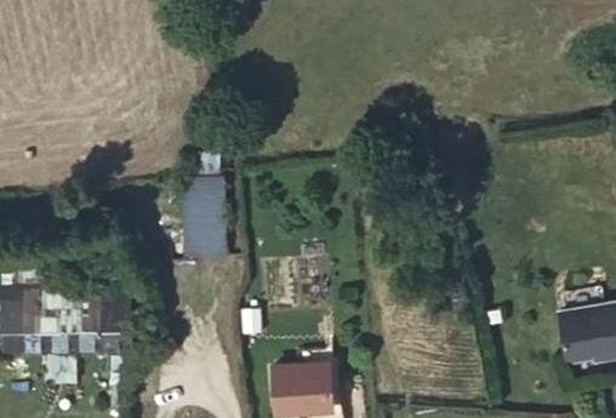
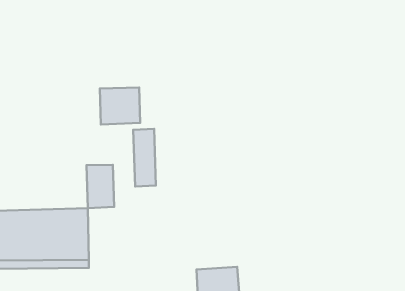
building: none -> [100,88,140,125]
building: none -> [87,165,114,208]

